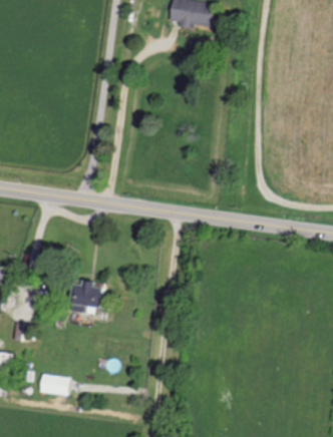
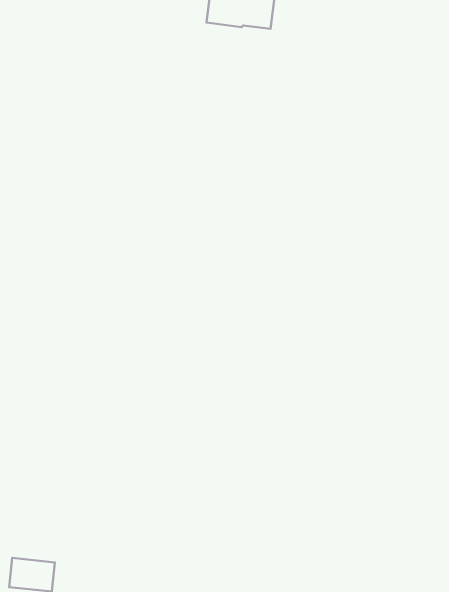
building: [72,278,101,315] -> none

